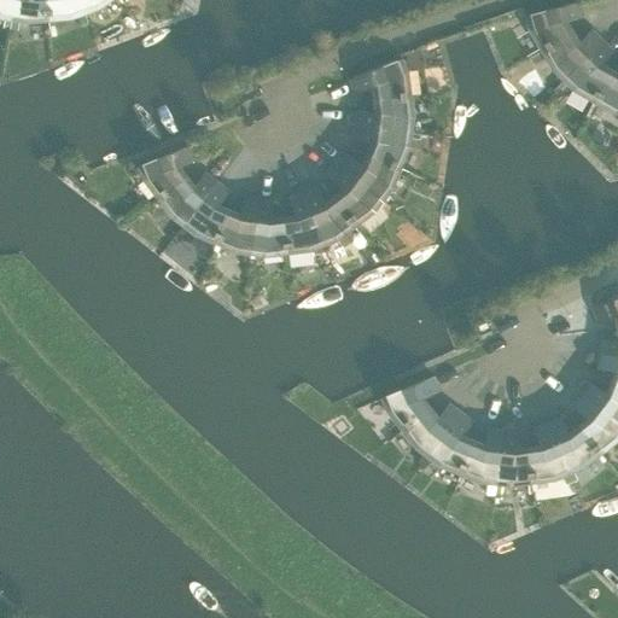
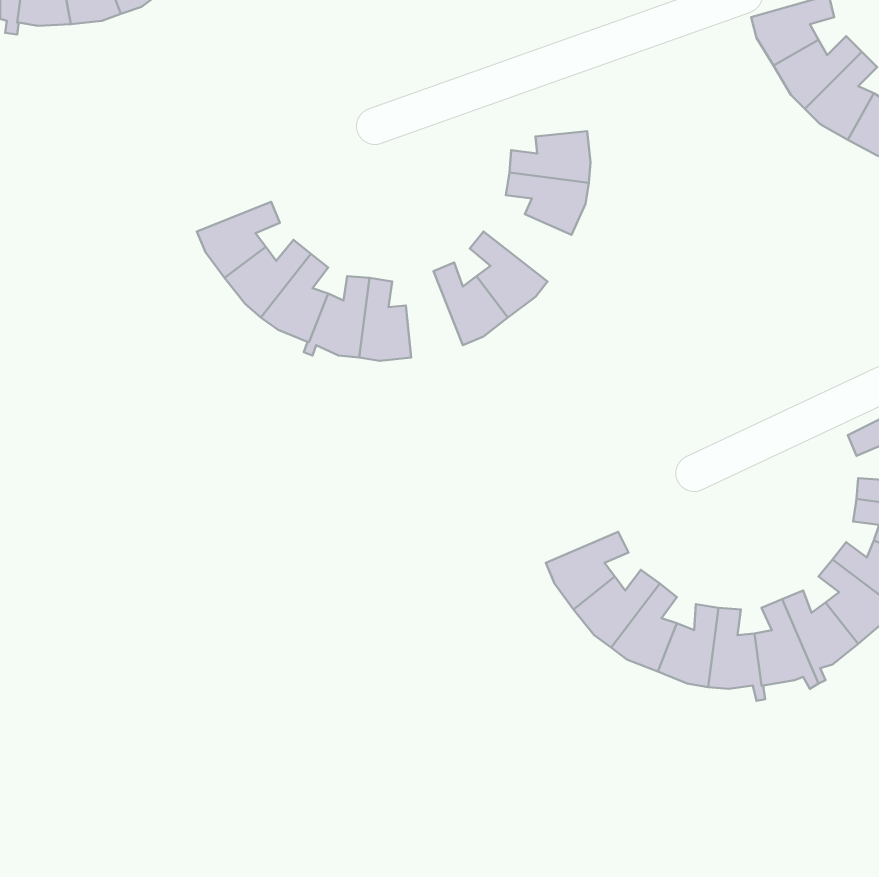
building: [352,54,413,95] -> none
building: [340,150,402,197] -> none
building: [286,190,326,250] -> none

